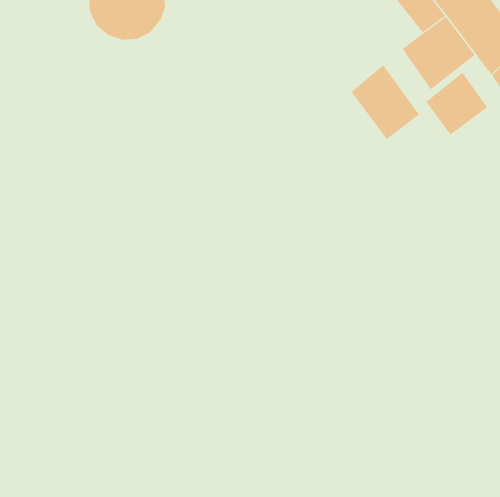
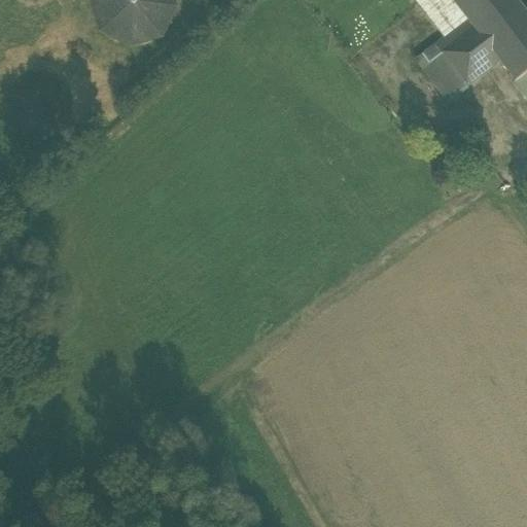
building: [351,64,420,140] -> none
building: [426,72,488,135] -> none

